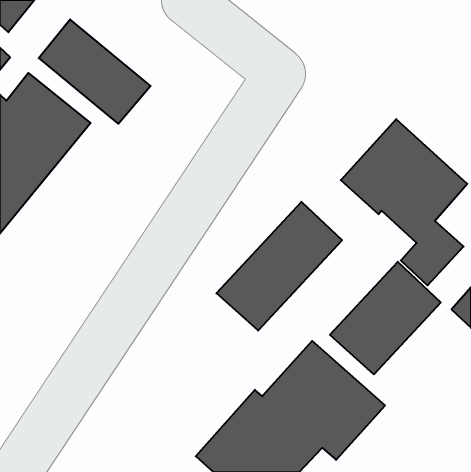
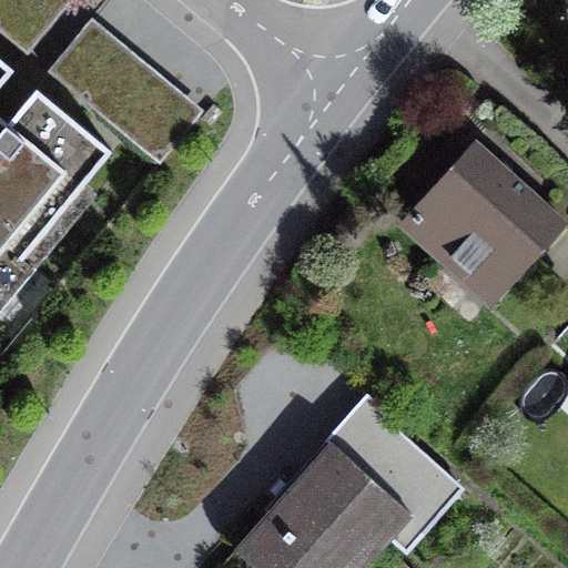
building: [216,202,342,331] -> none
building: [330,262,441,374] -> none

